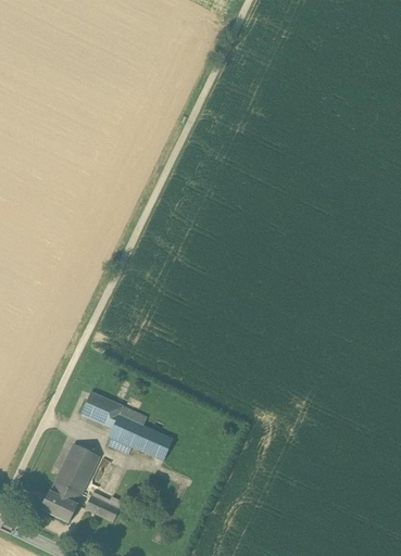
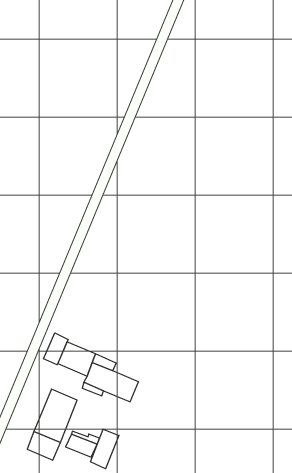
building: none -> [44,333,68,365]
building: none -> [90,429,119,469]

